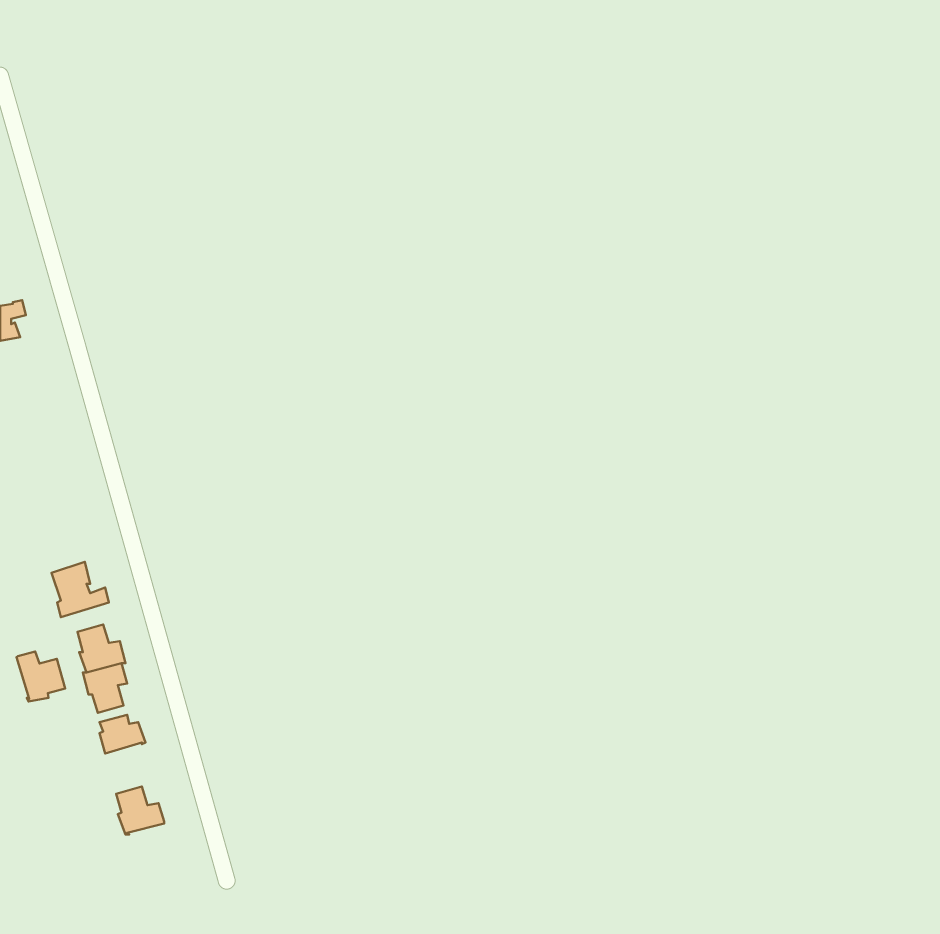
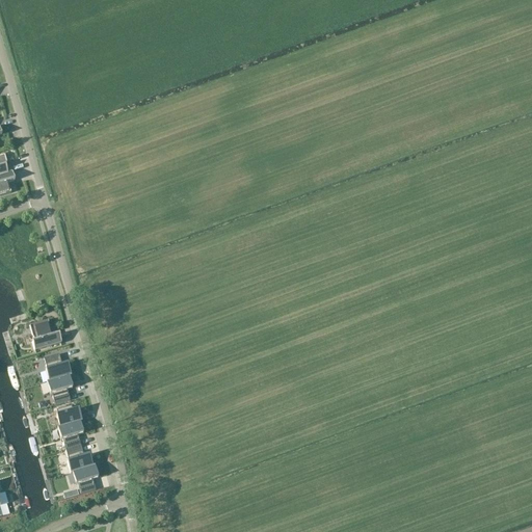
building: [16,651,65,702] -> none
building: none -> [58,419,84,448]
building: none -> [73,463,99,491]

